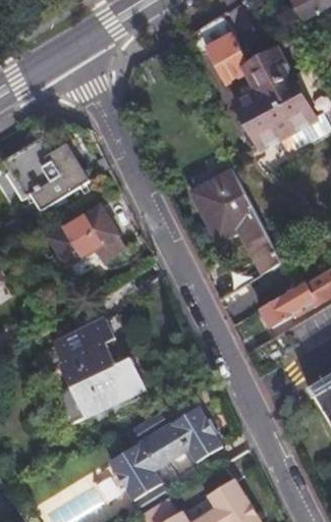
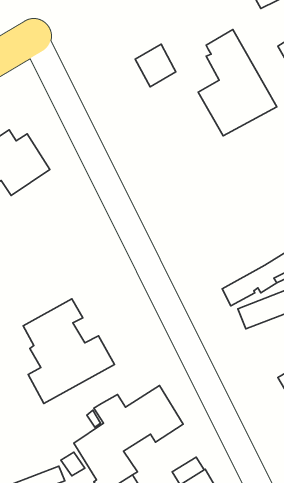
building: [204,33,245,76] -> [135,44,176,87]
building: [191,170,281,273] -> none
building: [51,208,125,268] -> none

